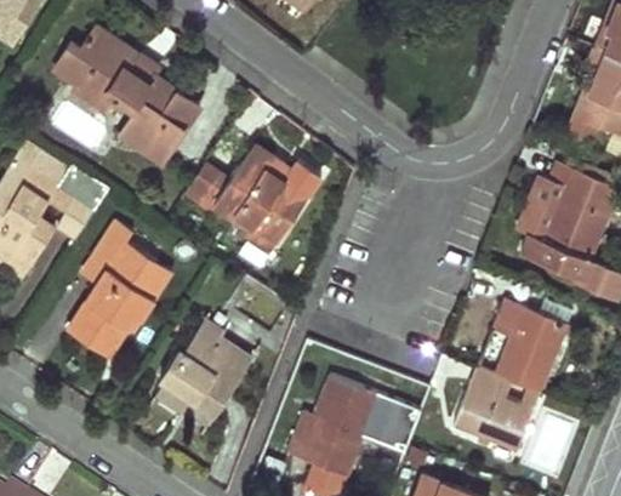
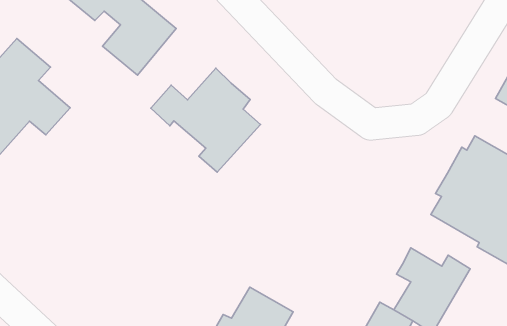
building: [70,223,173,358] -> none
building: [156,318,251,427] -> none

